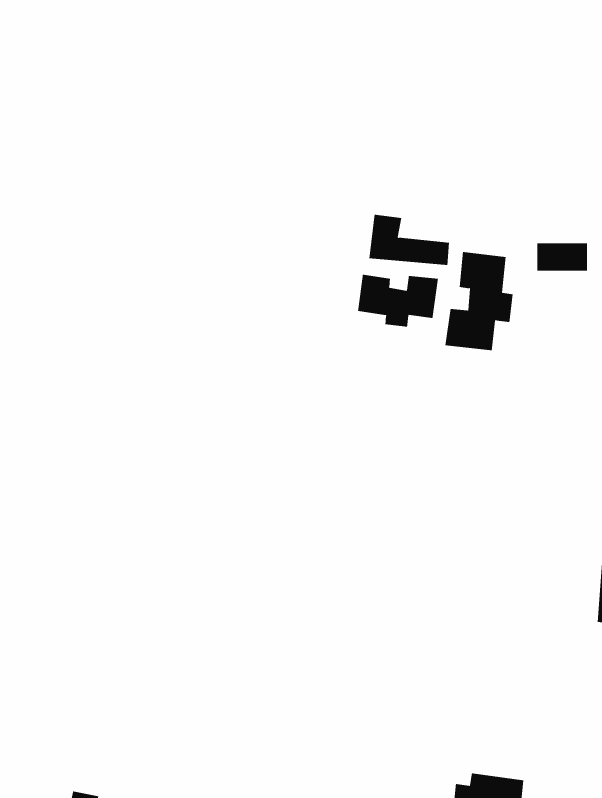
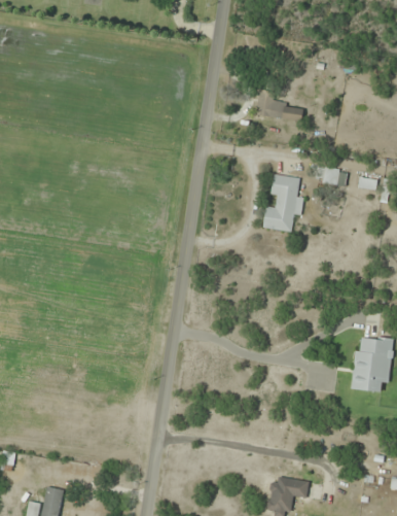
building: [369,214,450,266] -> [256,91,303,121]
building: [358,274,438,328] -> none

